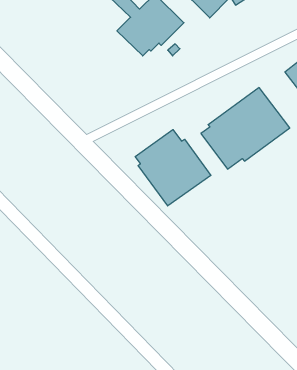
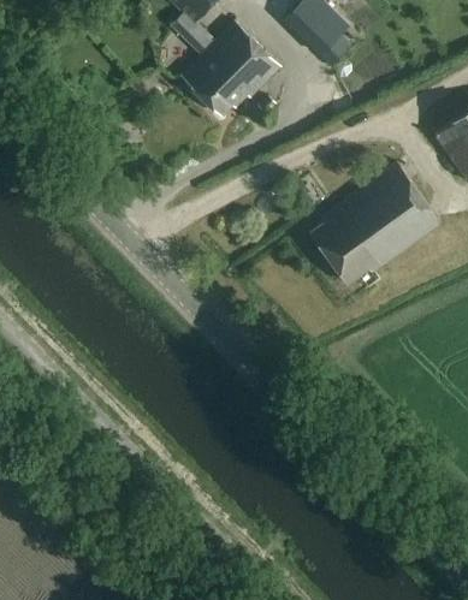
building: [135,130,211,206] -> none

